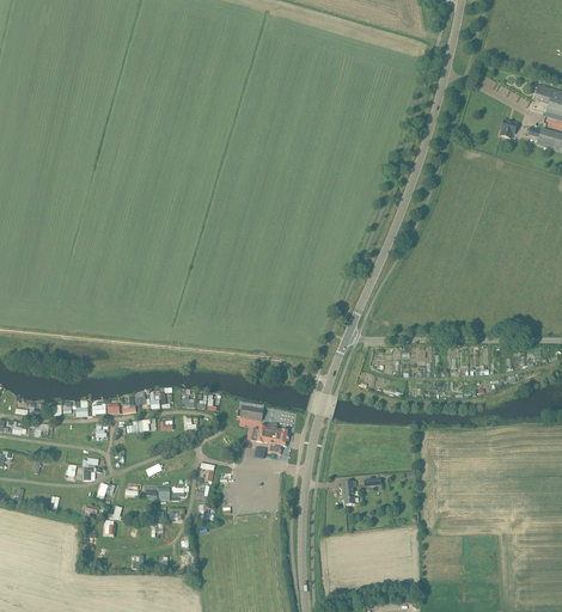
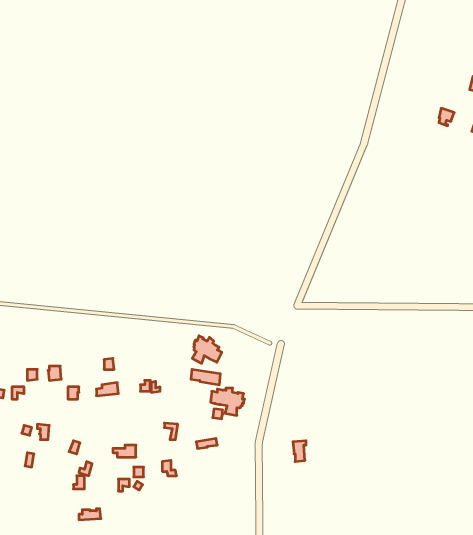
building: none -> [192,336,222,363]

